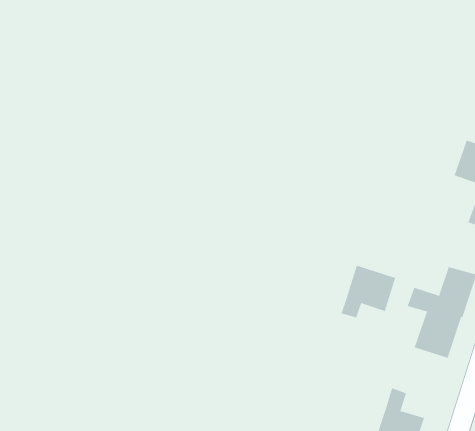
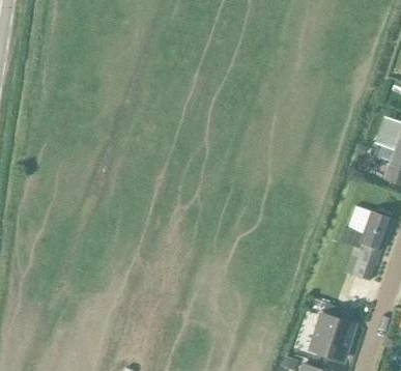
building: [341,265,396,318] -> none

